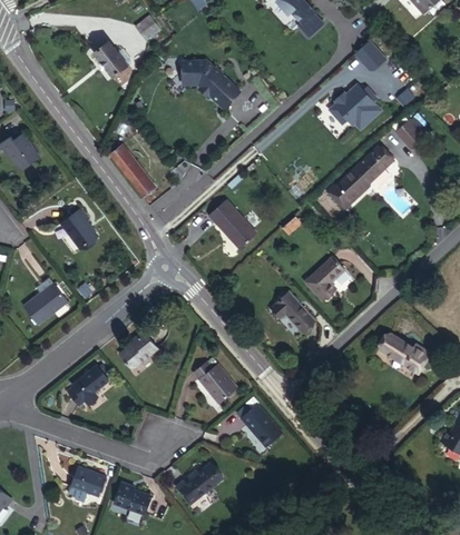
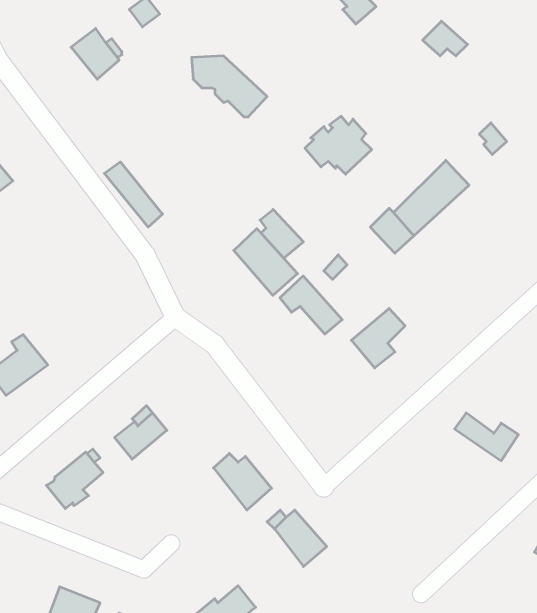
building: [327,85,379,129] -> [305,116,372,174]
building: none -> [260,209,303,258]
building: [65,210,99,249] -> none
building: [270,293,317,337] -> [280,276,342,334]

